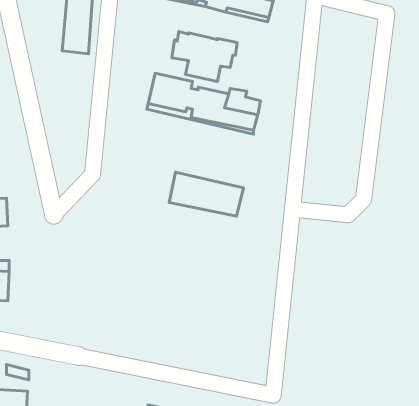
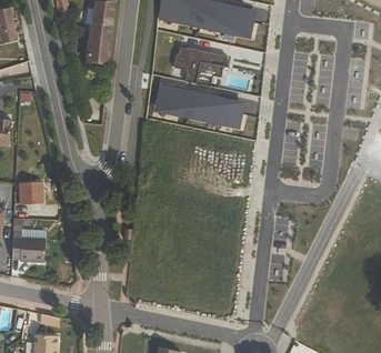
building: [169,172,243,216] -> none

